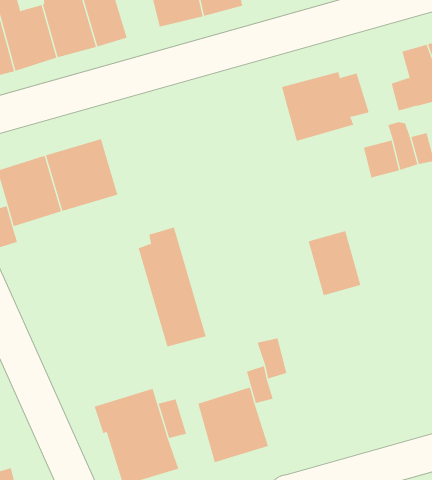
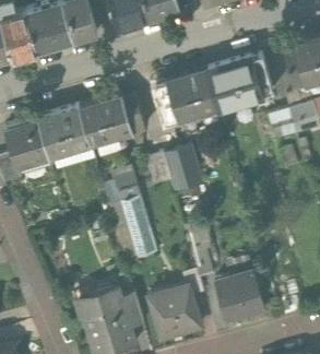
building: none -> [155,70,220,123]
building: none -> [80,95,145,148]
building: [308,230,361,296] -> [164,145,202,192]
building: none -> [215,270,264,321]

